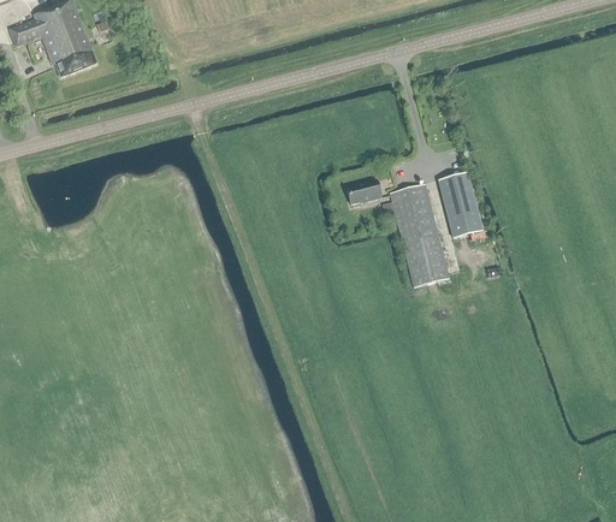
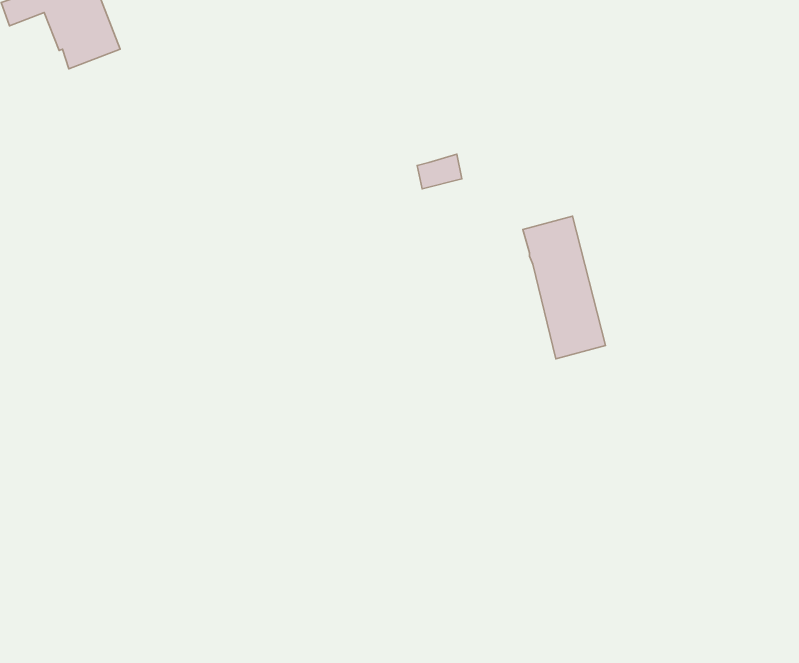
building: [438,171,482,237] -> none
building: [346,177,379,202] -> [417,154,462,189]

